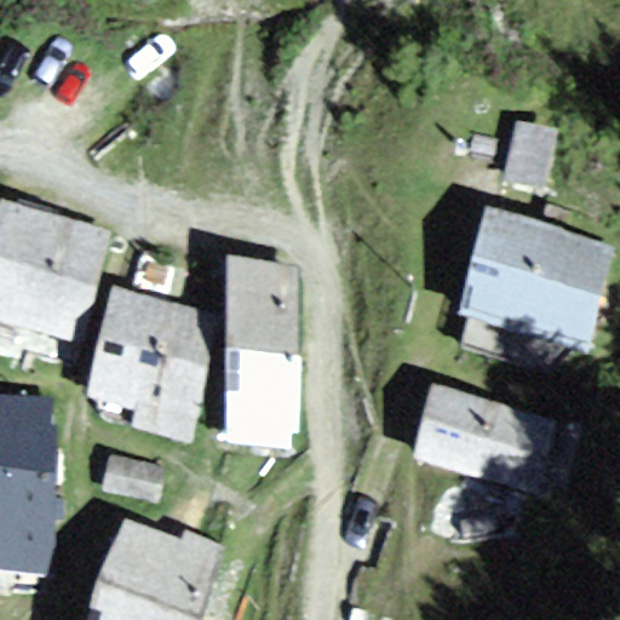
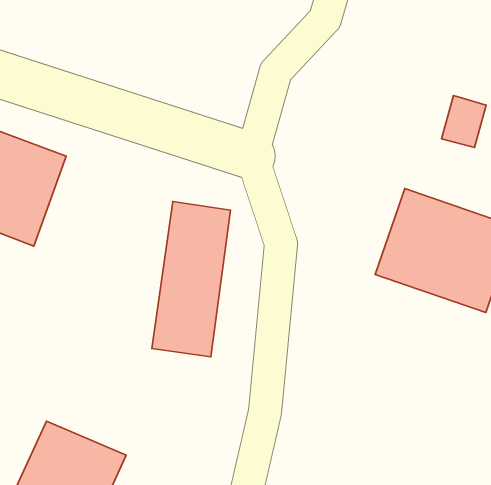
building: [86,293,212,435] -> none
building: [418,397,555,484] -> none

